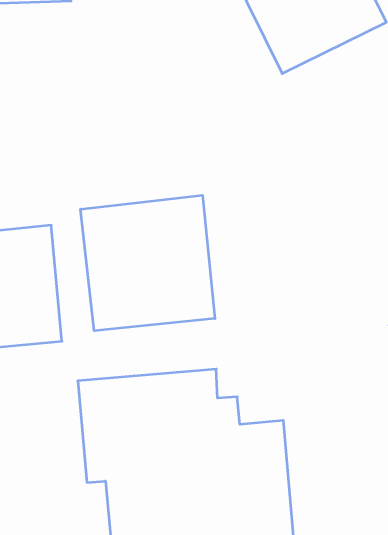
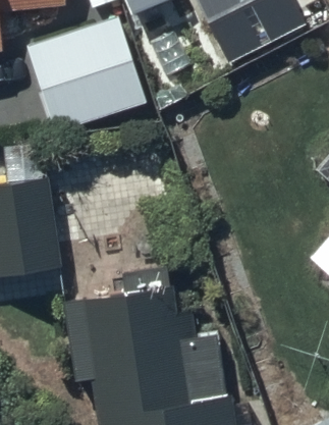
building: none -> [28,15,148,134]
building: [81,195,215,331] -> none

